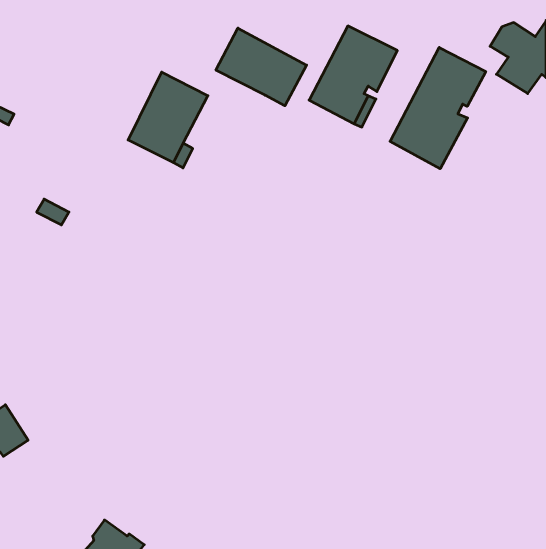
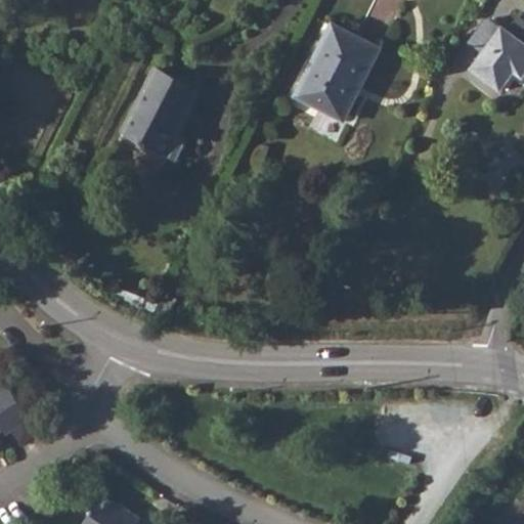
building: [216,28,307,106] -> none
building: [390,47,486,169] -> none

